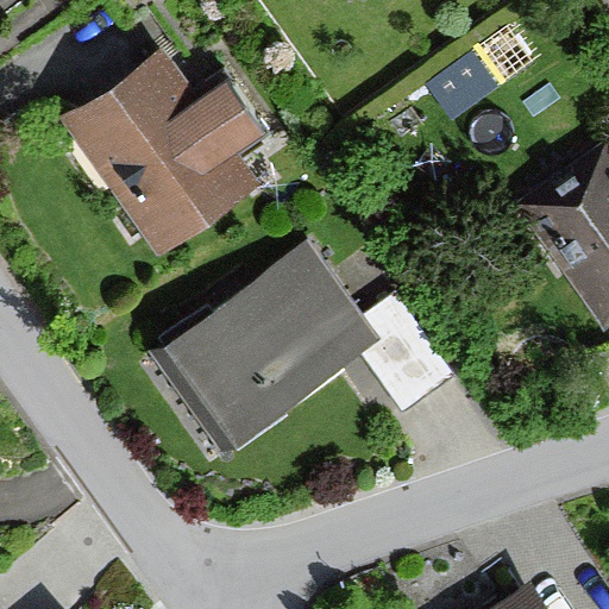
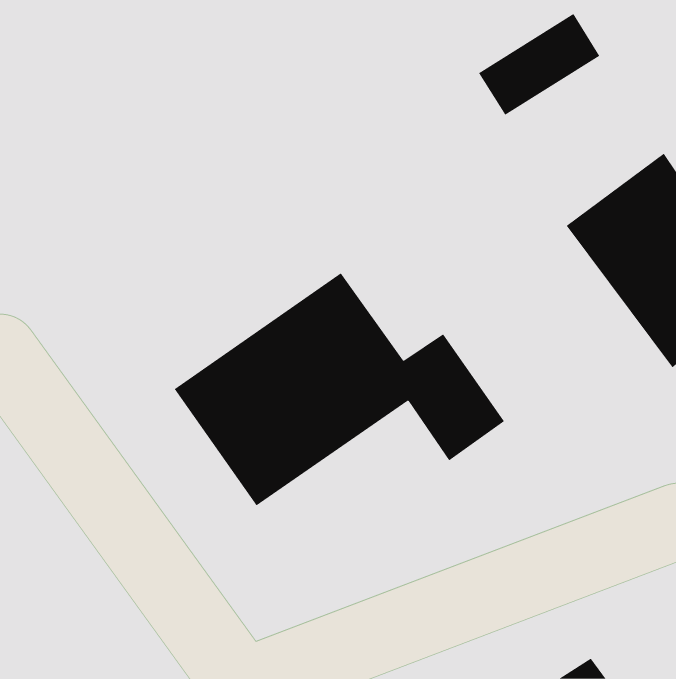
building: [61,48,265,258] -> none

